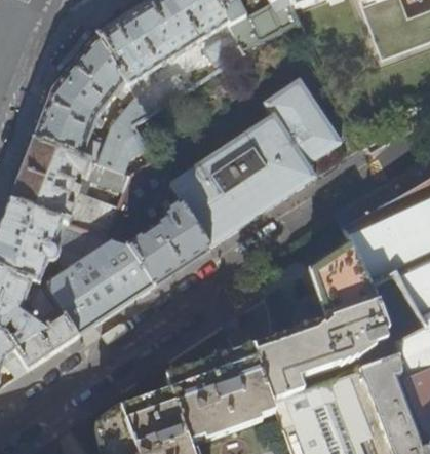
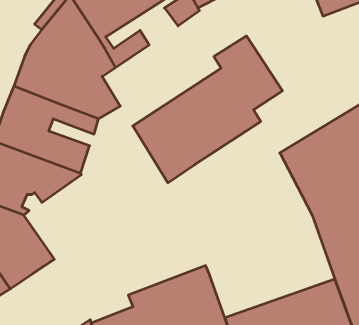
building: [45,160,209,335] -> none
building: [253,241,399,402] -> none

